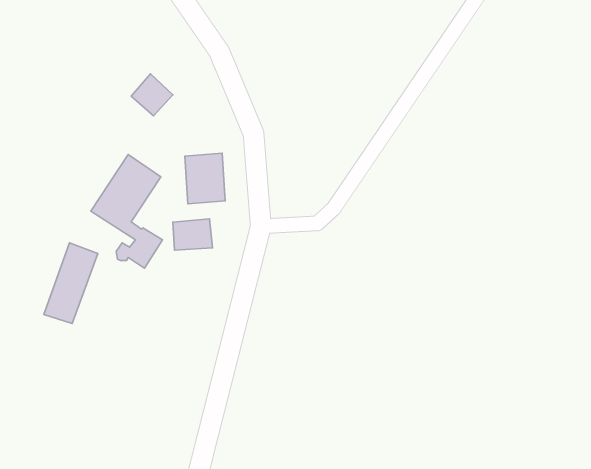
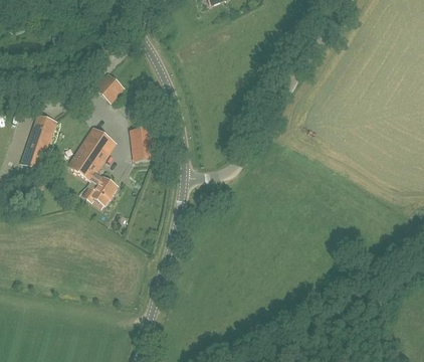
building: [173,219,213,250] -> none
building: [44,243,98,324] -> [21,115,57,169]

